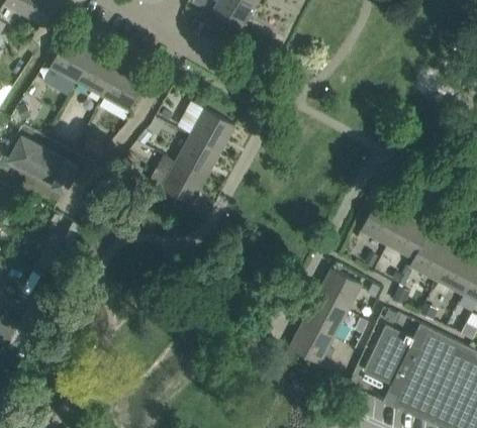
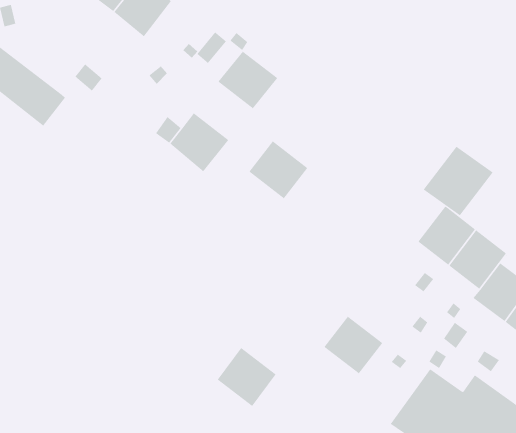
building: [175,135,219,178] -> [249,141,308,199]
building: none -> [423,146,493,216]
building: [316,268,361,311] -> none
building: [288,321,332,364] -> [217,347,277,407]

